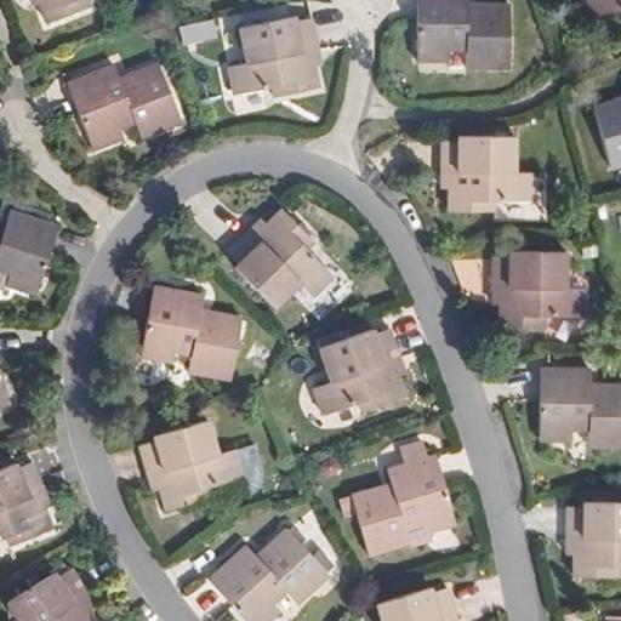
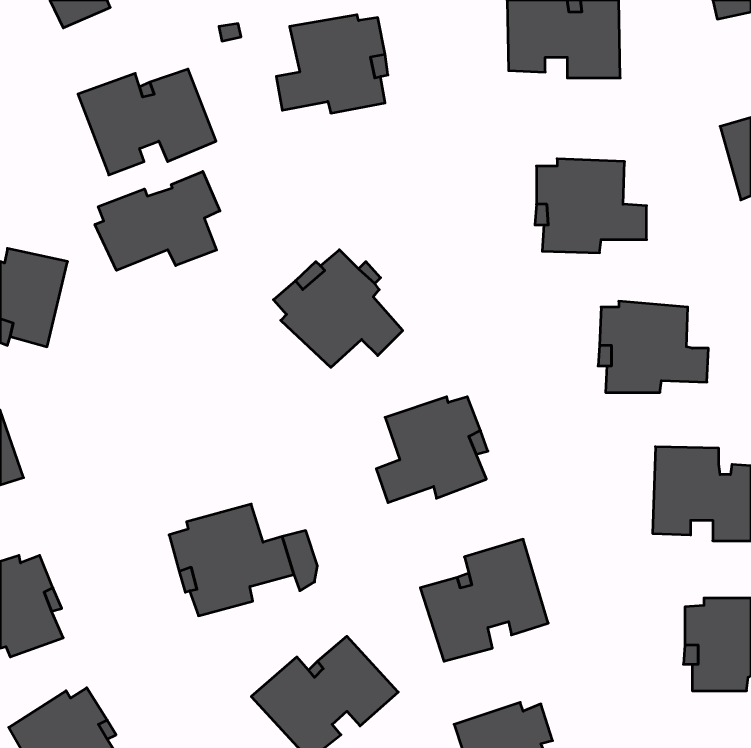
building: none -> [95,171,220,270]
building: [138,287,241,380] -> none

